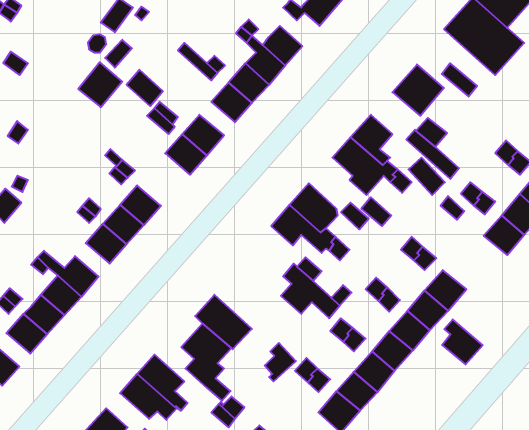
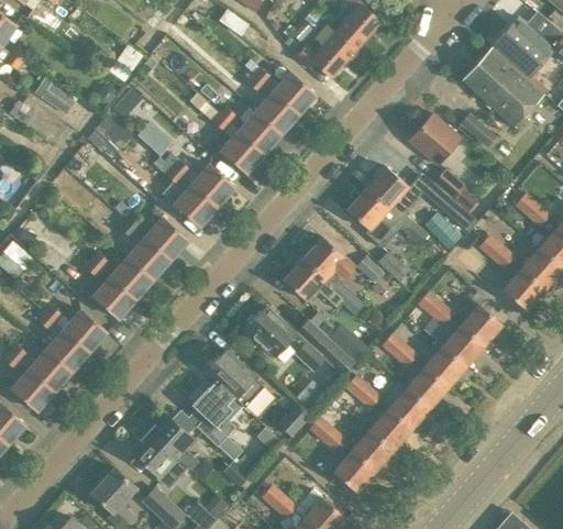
building: none -> [33,77,75,114]
building: none -> [146,219,188,260]
building: none -> [245,307,296,355]
building: [442,319,483,364] -> [460,299,501,345]

